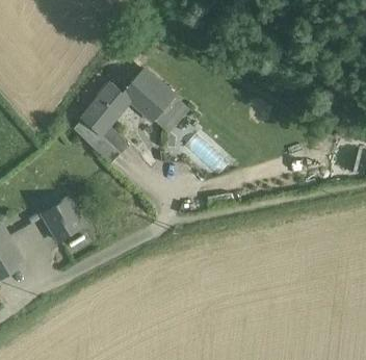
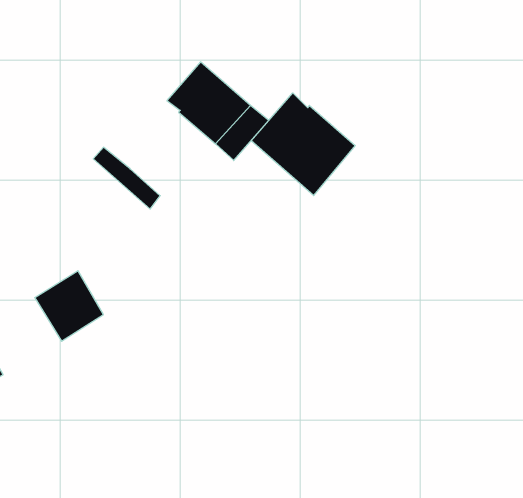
building: [83,82,132,134] -> none
building: none -> [251,93,355,196]

